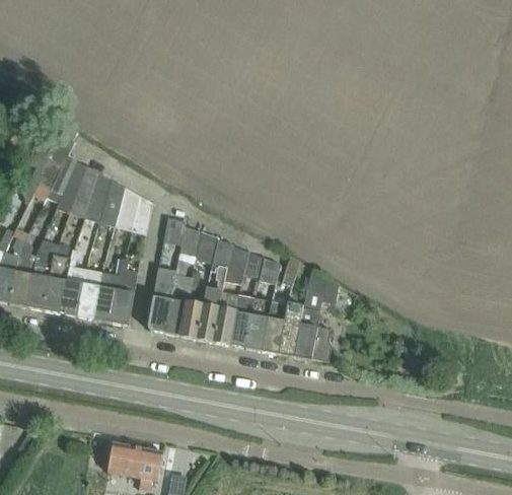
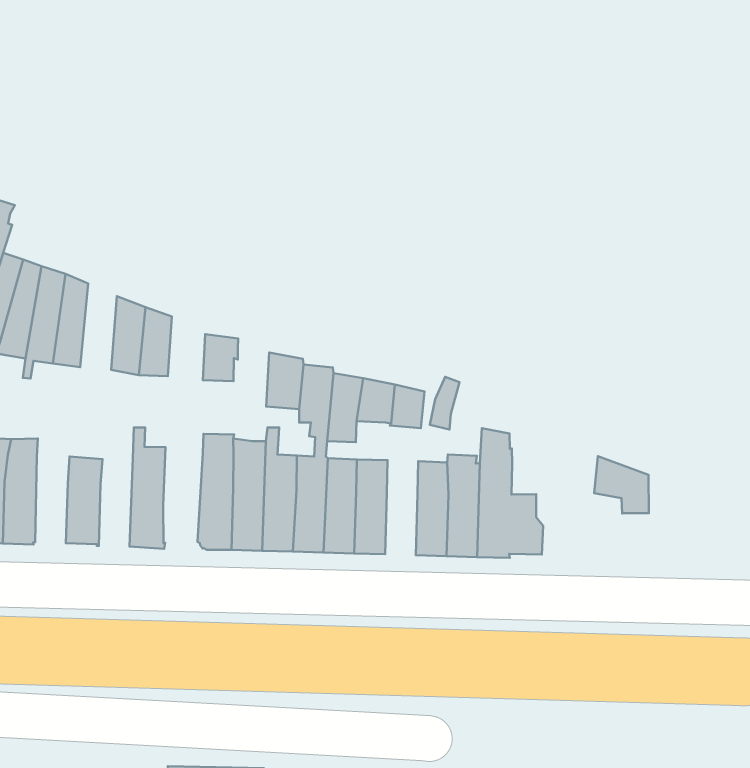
building: [99,180,125,227] -> none
building: [174,226,201,277] -> none
building: [61,252,86,315] -> none
building: [307,270,338,304] -> [594,456,649,513]
building: [94,274,120,323] -> none
building: [245,298,271,351] -> none

